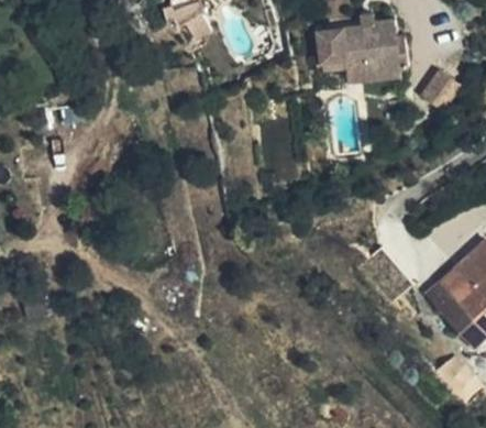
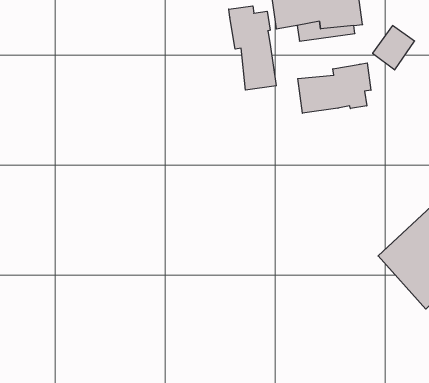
building: none -> [229,6,276,90]
building: none -> [298,63,371,113]

